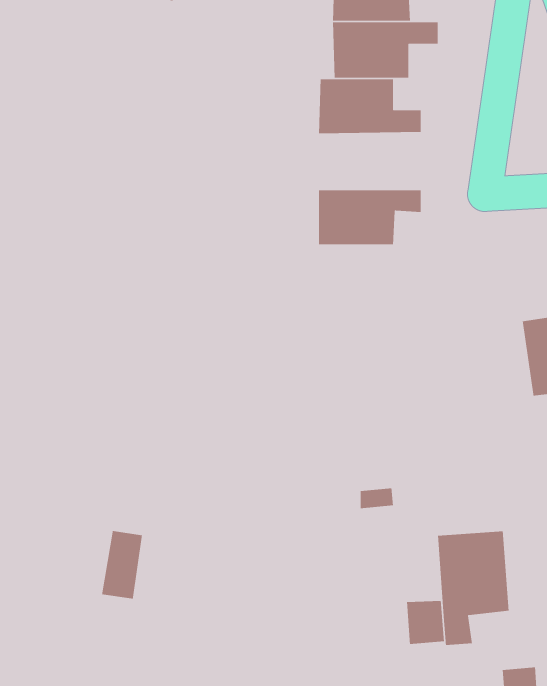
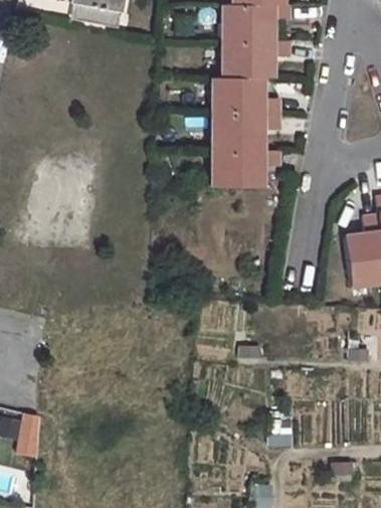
building: none -> [212,113,279,150]
building: [101,530,143,600] -> [16,412,43,458]
building: [437,531,509,646] -> none

